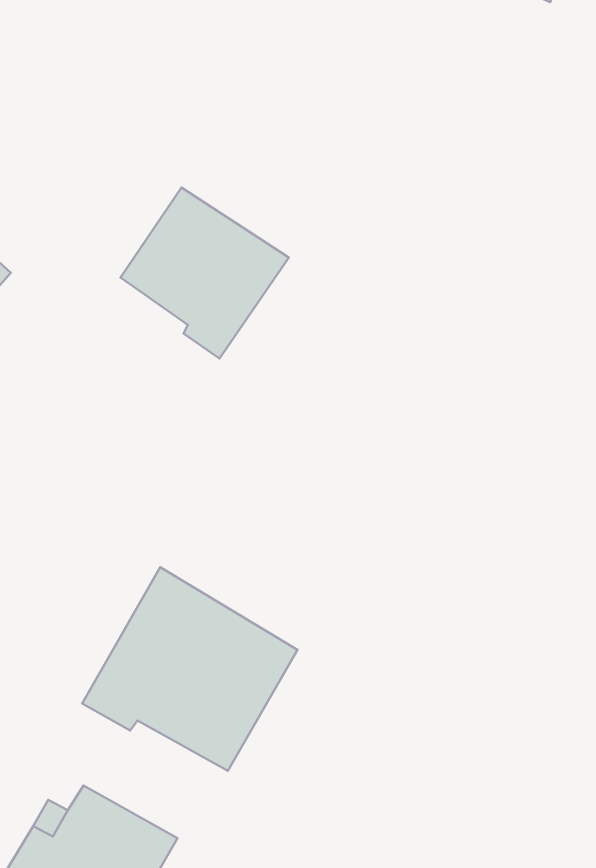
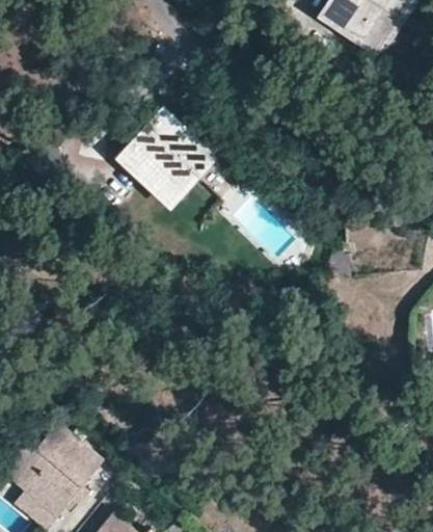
building: [82,567,297,771] -> none

